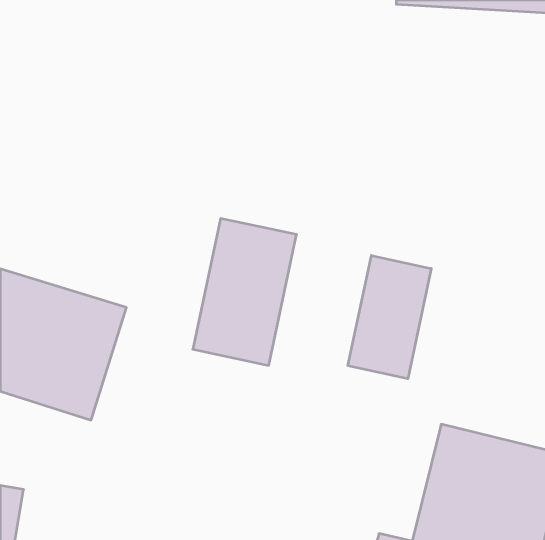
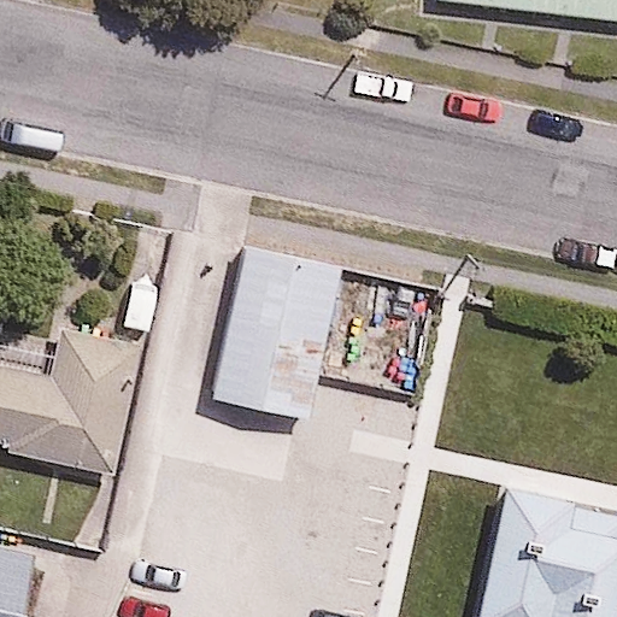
building: [348,255,431,379] -> none

